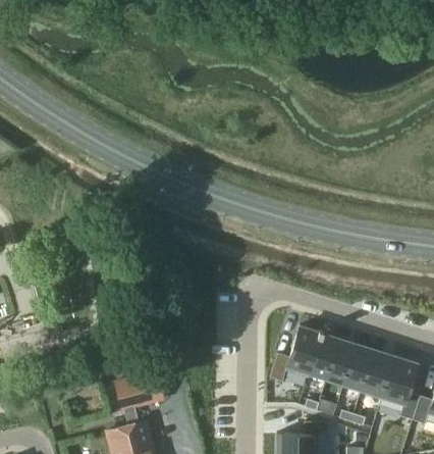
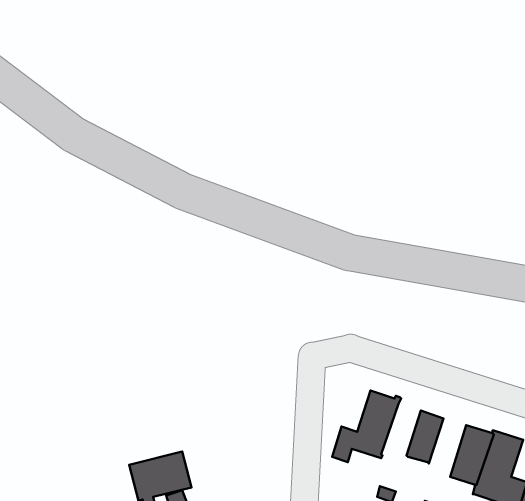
building: [308,335,338,380] -> none
building: [342,346,373,391] -> none

